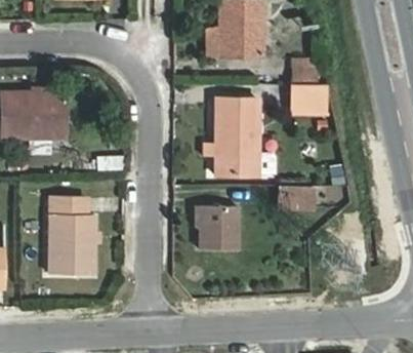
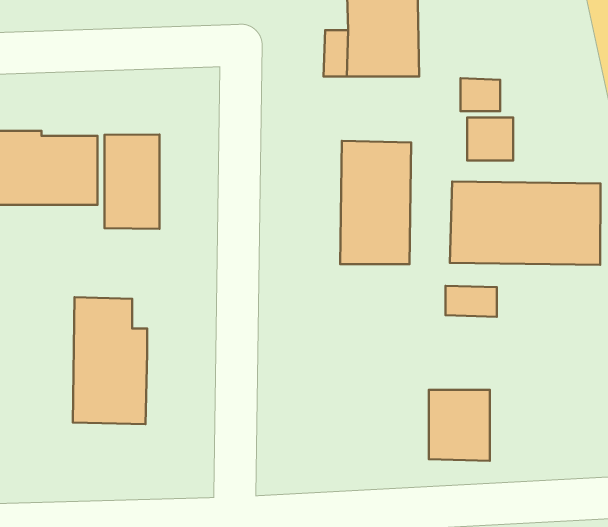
building: none -> [105,134,159,229]
building: none -> [450,182,600,265]
building: [201,205,239,249] -> [429,390,490,461]

